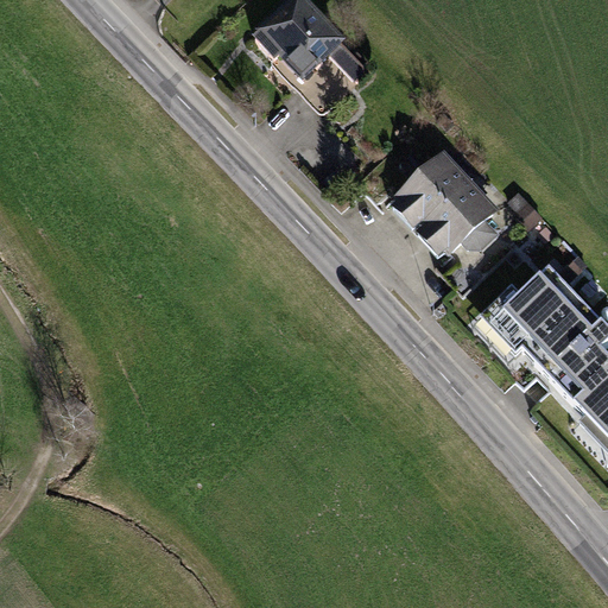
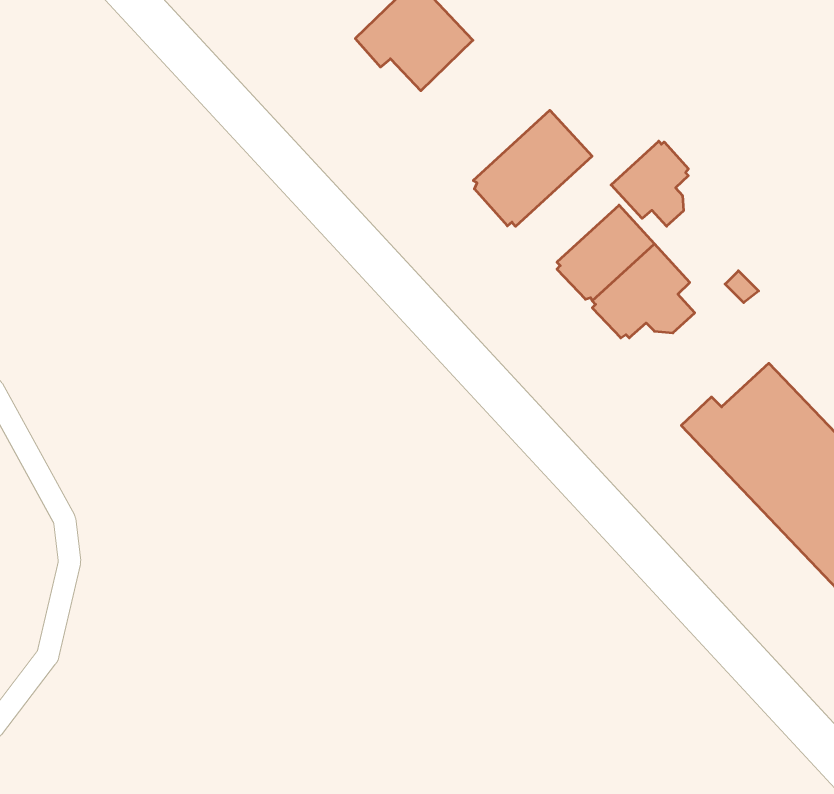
building: none -> [473,110,592,226]
building: none -> [611,141,688,226]

